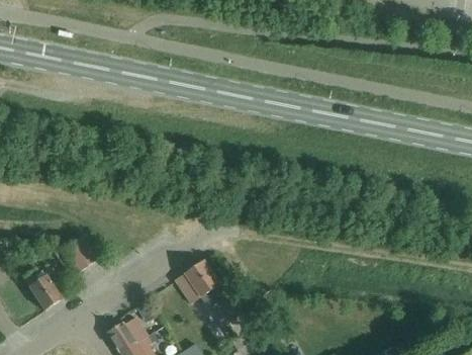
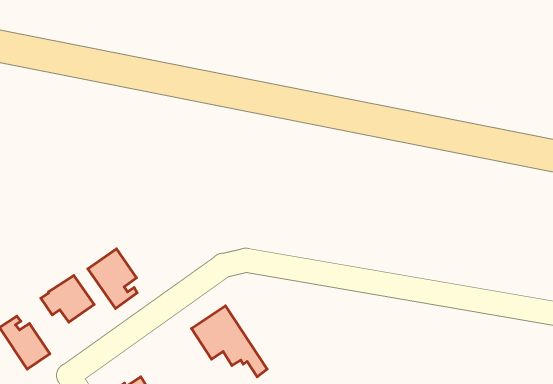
building: none -> [88,249,137,309]

